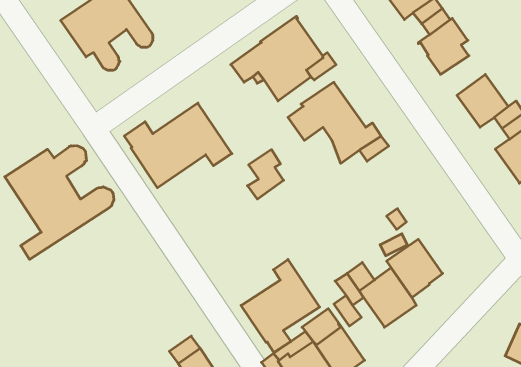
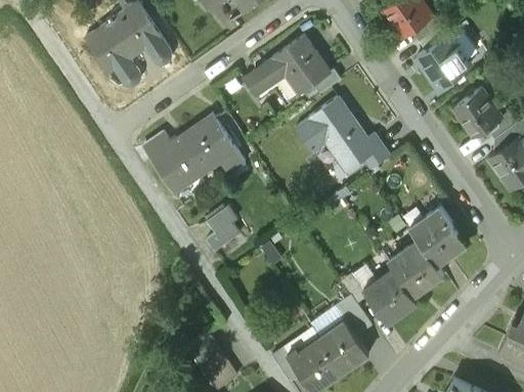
building: [5,146,114,259] -> none
building: [247,150,284,199] -> [206,206,239,252]
building: none -> [410,208,467,266]
building: [241,259,320,353] -> none

